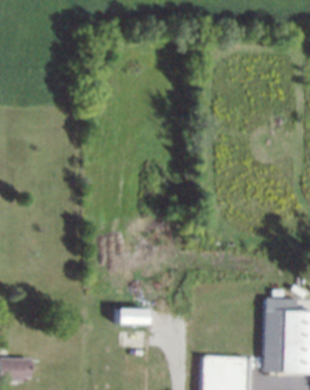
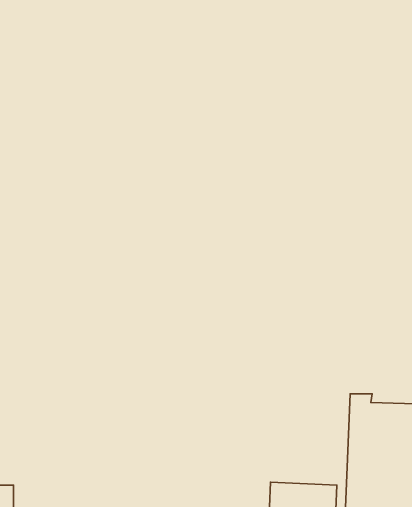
building: [115,307,146,324] -> none

